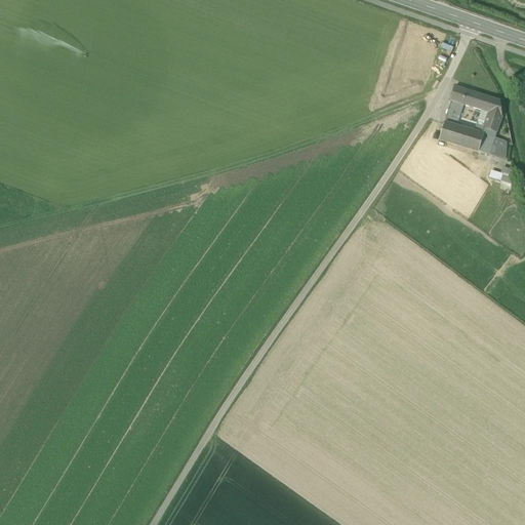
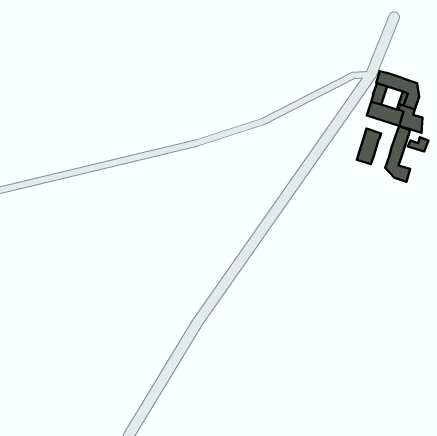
building: none -> [385,126,410,182]
building: none -> [357,129,381,164]

